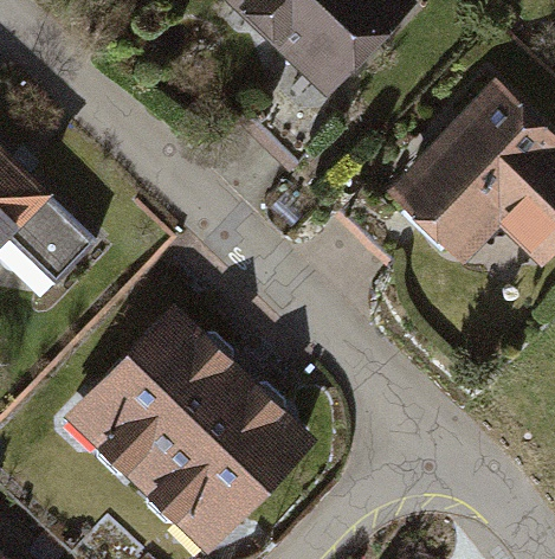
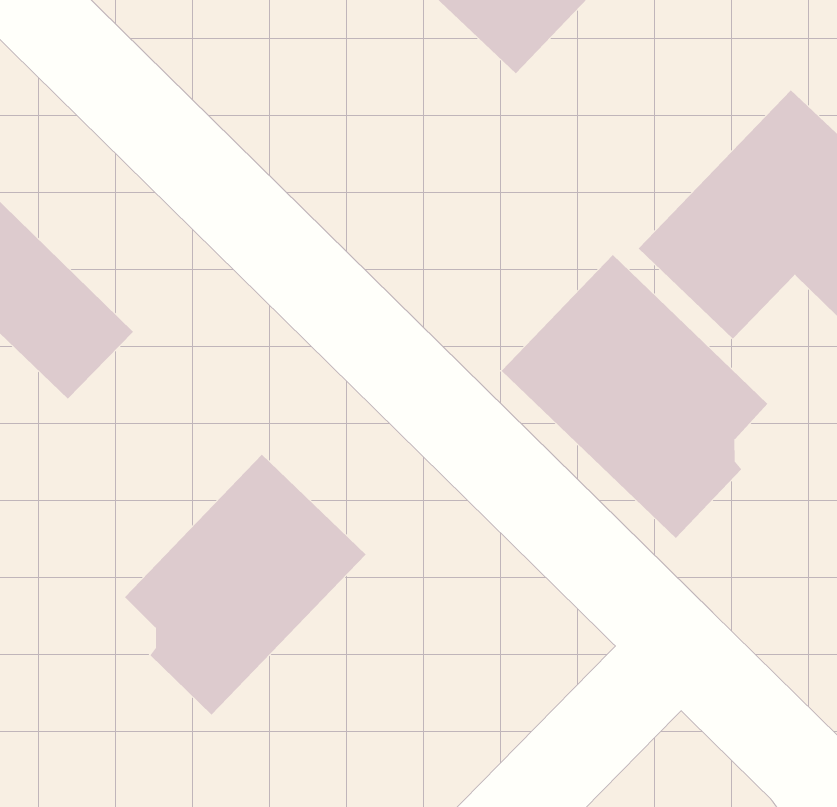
building: none -> [501,254,768,539]
building: [136,384,295,533] -> none

